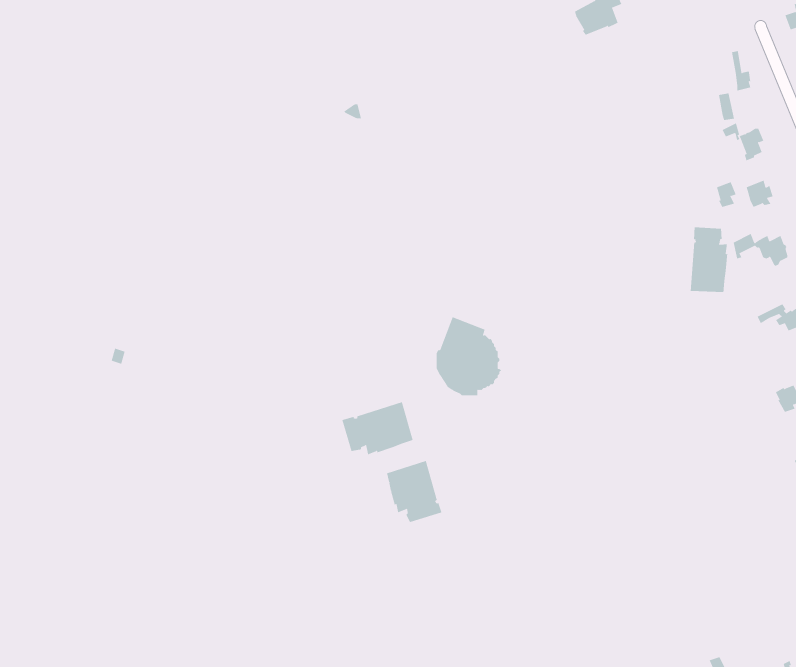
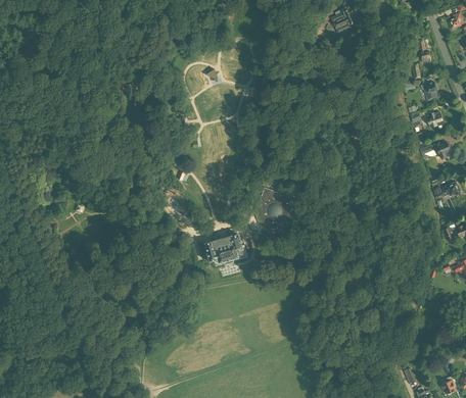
building: [690,227,728,293] -> none
building: [386,460,442,523] -> none

